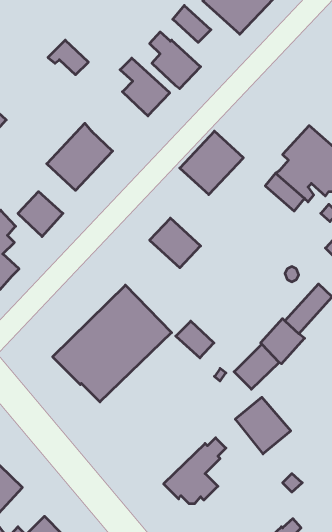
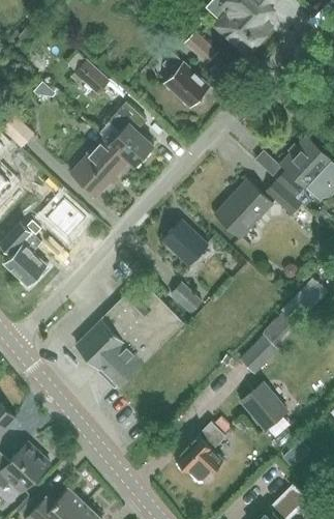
building: [120,58,170,116] -> [109,114,153,166]
building: [180,131,243,195] -> [215,181,272,238]
building: [176,321,214,358] -> [168,282,202,315]

